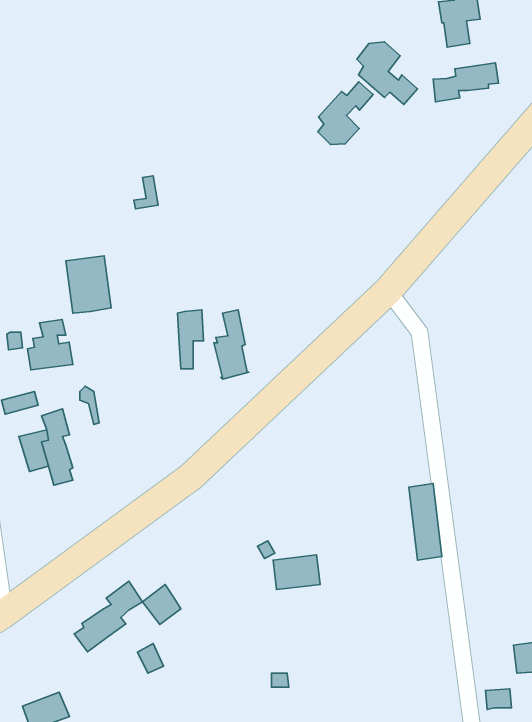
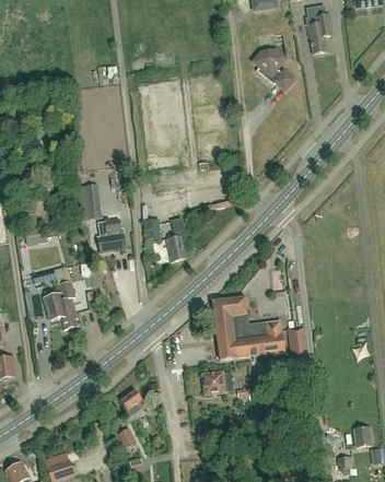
building: [433,63,498,102] -> none
building: [318,82,373,145] -> none
building: [27,319,73,370] -> [96,219,125,250]
building: none -> [211,296,283,360]
building: [74,581,143,652] -> none

